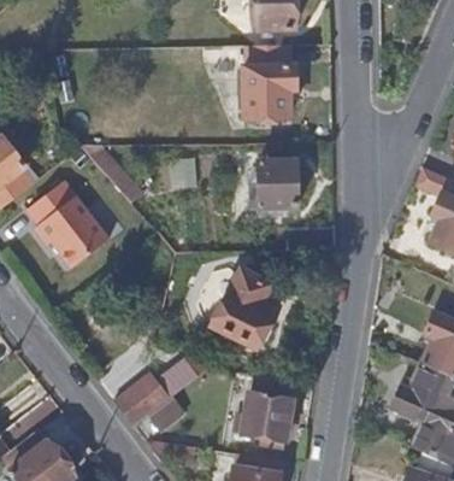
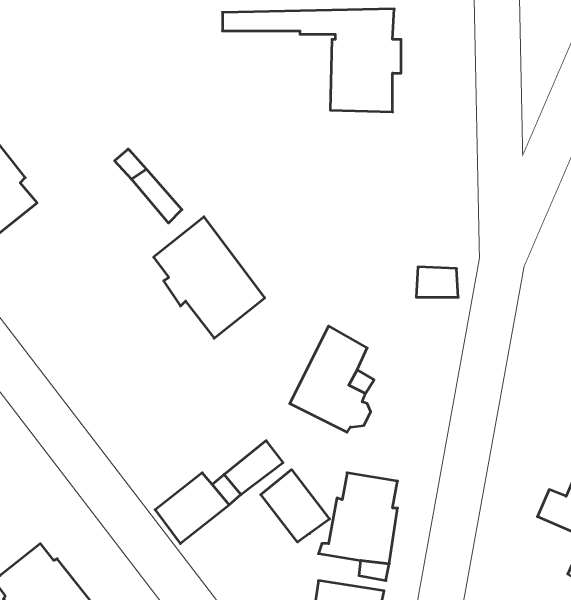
building: [255,160,296,210] -> none
building: [29,182,108,269] -> [154,217,265,338]
building: none -> [261,470,330,542]

